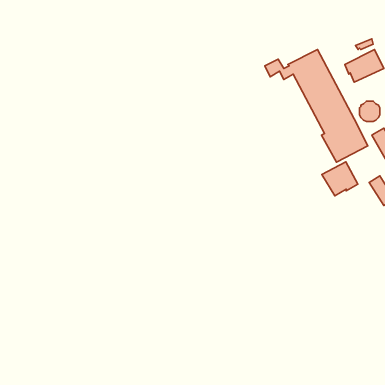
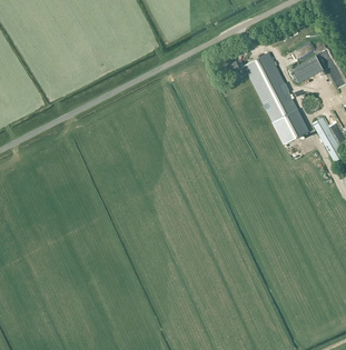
building: [322,162,358,196] -> none

